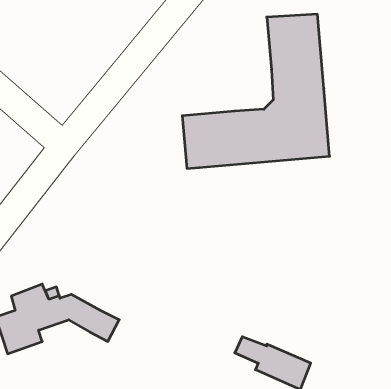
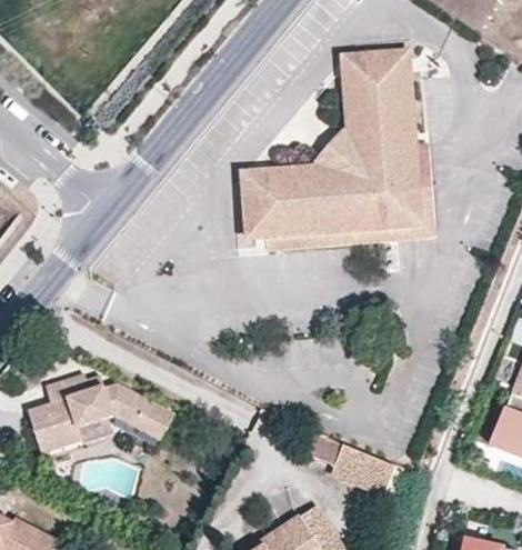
building: none -> [307,120,352,169]
building: none -> [264,141,431,247]

